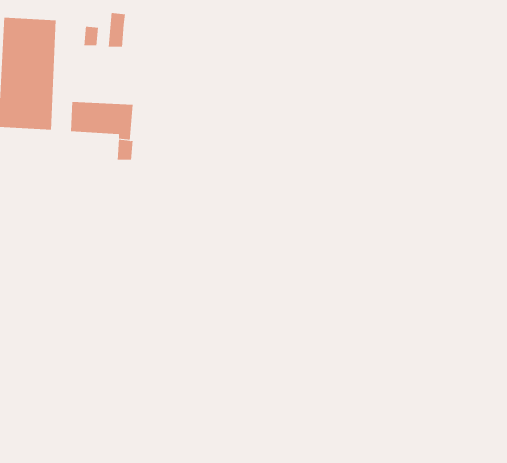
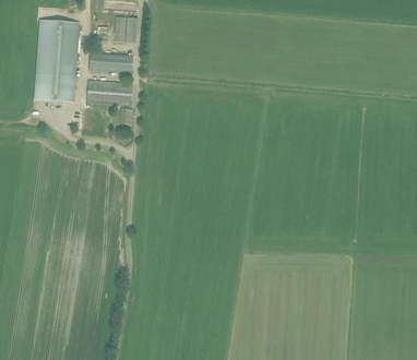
building: none -> [88,51,132,71]

